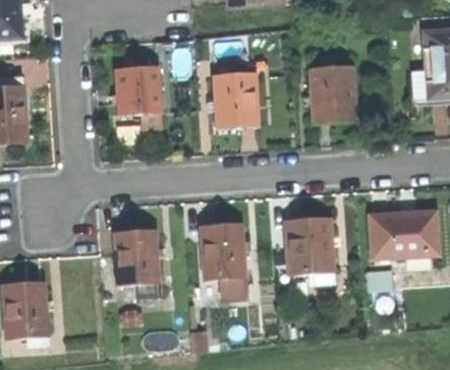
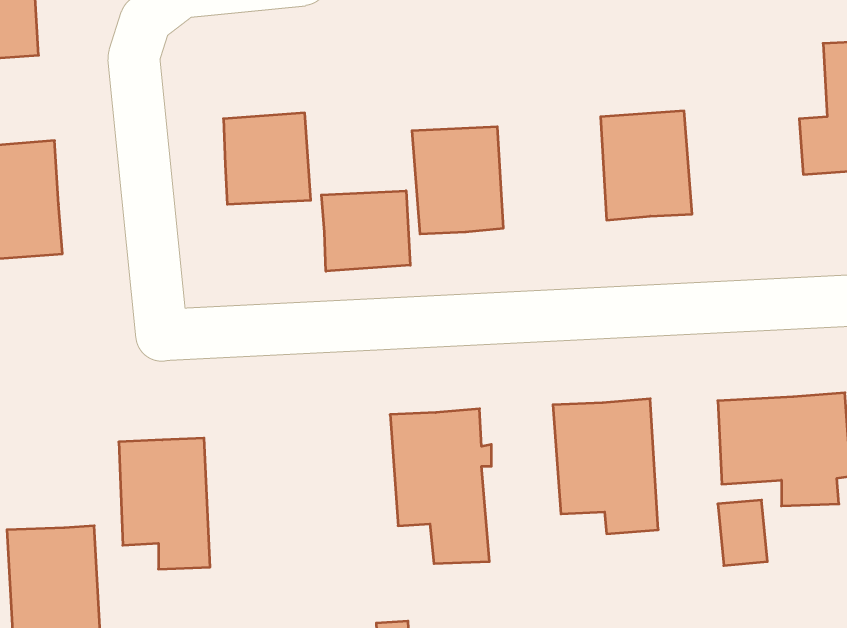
building: none -> [321,191,410,271]
building: [116,227,163,294] -> [119,438,210,569]

